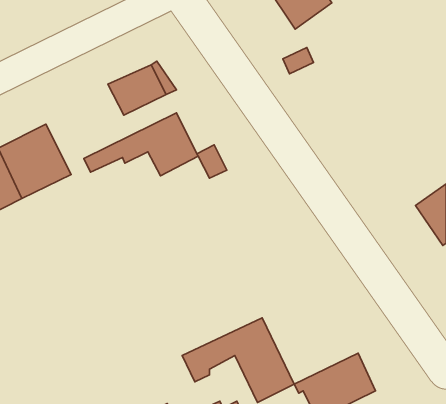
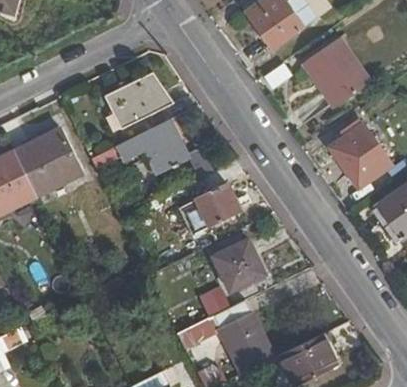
building: none -> [304,36,369,103]
building: none -> [331,123,392,186]
building: none -> [195,184,239,230]
building: none -> [212,241,265,292]

